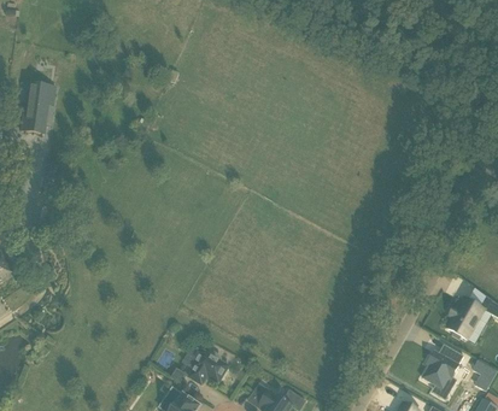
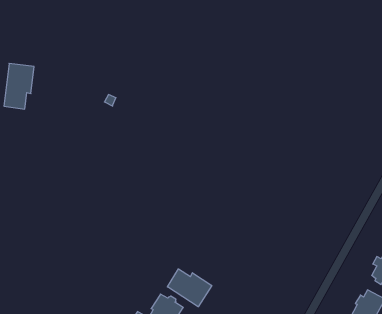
building: none -> [167,269,212,307]

